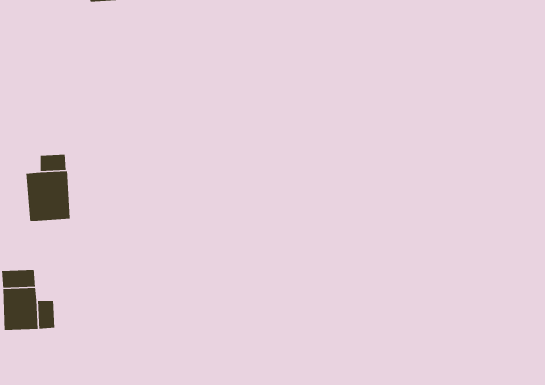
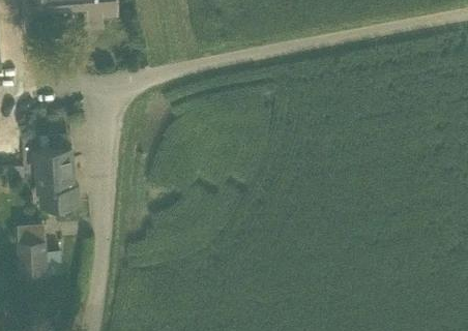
building: none -> [41,186,76,207]

